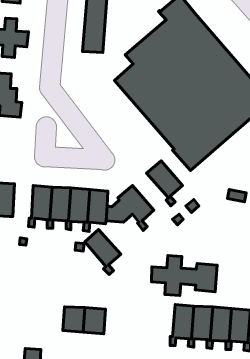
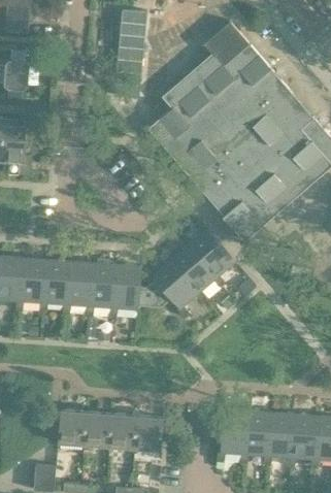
building: none -> [16,258,46,310]
building: [85,229,121,275] -> [171,244,217,301]
building: [152,255,217,295] -> none
building: none -> [58,410,86,442]
building: none -> [135,416,164,449]

